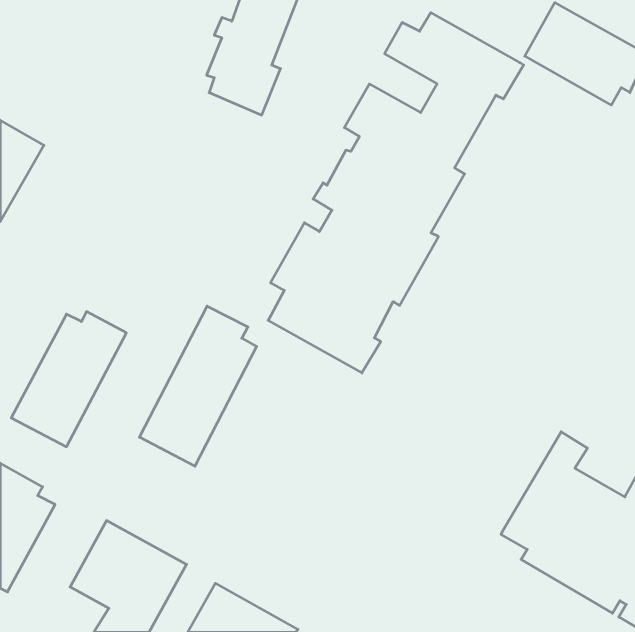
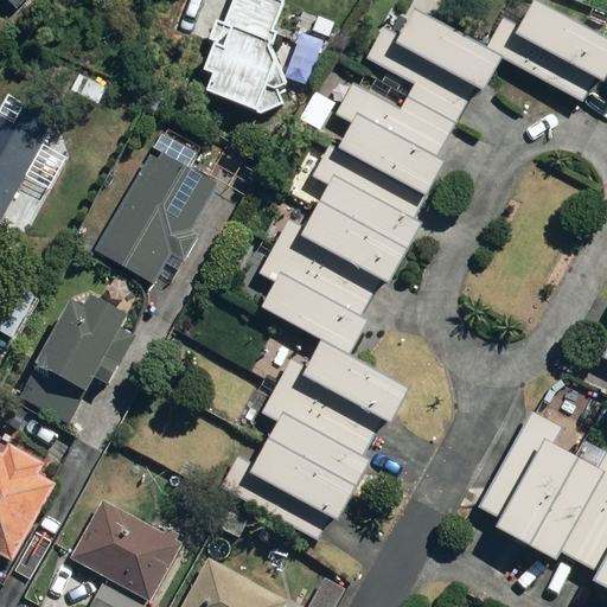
building: none -> [94,142,219,280]
building: [139,306,257,466] -> none
building: none -> [225,349,409,539]

